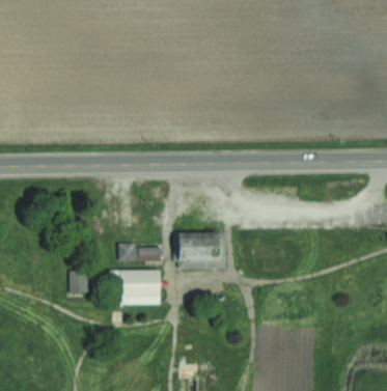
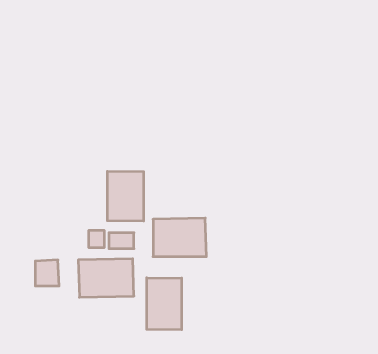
building: none -> [107,171,144,221]
building: none -> [147,278,182,330]

